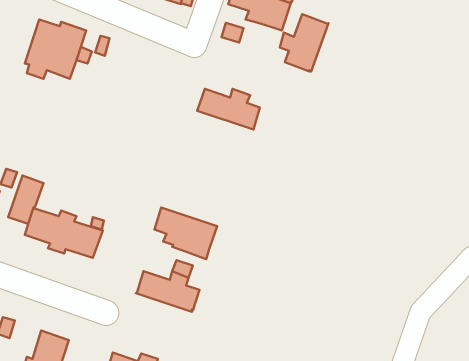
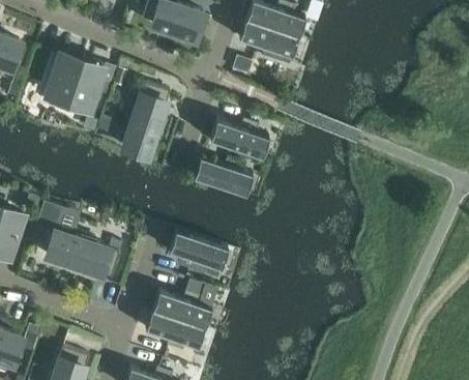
building: [280,14,329,71] -> none
building: none -> [123,84,171,157]
building: none -> [195,158,254,197]
building: none -> [146,312,205,352]

